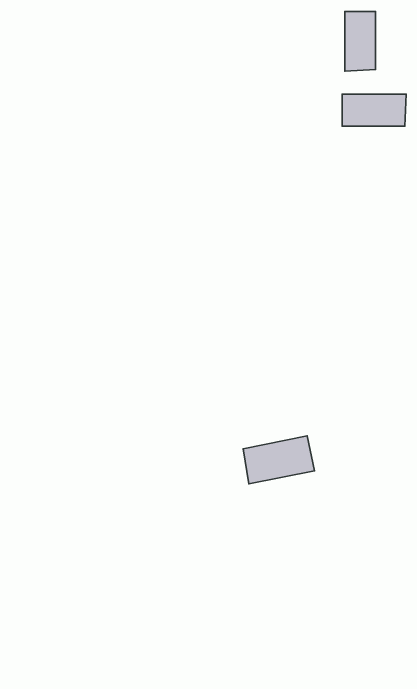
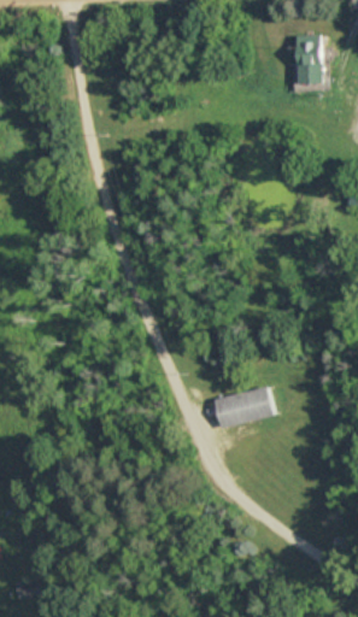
building: [342,94,406,126] -> none

